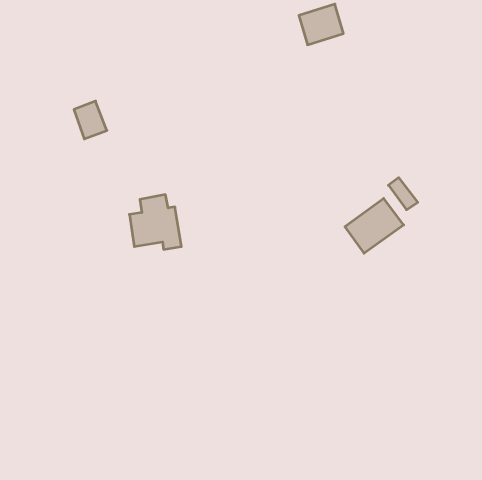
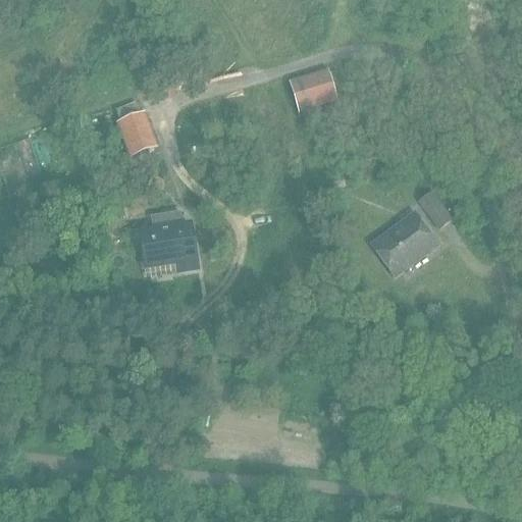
building: [299,4,343,45] -> [291,68,338,112]
building: [74,101,107,139] -> [119,112,155,153]

